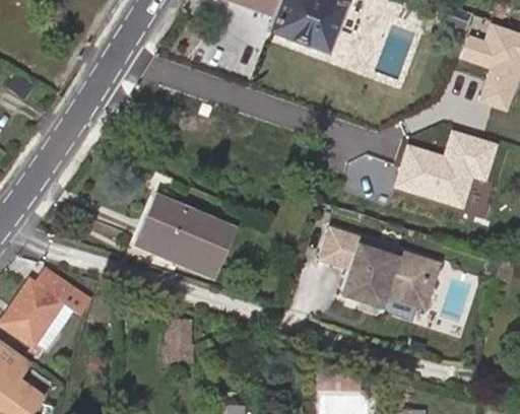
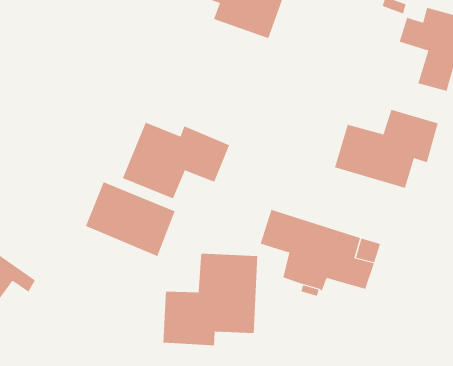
building: none -> [122,122,230,199]
building: none -> [163,253,258,346]
building: [167,323,192,363] -> none

